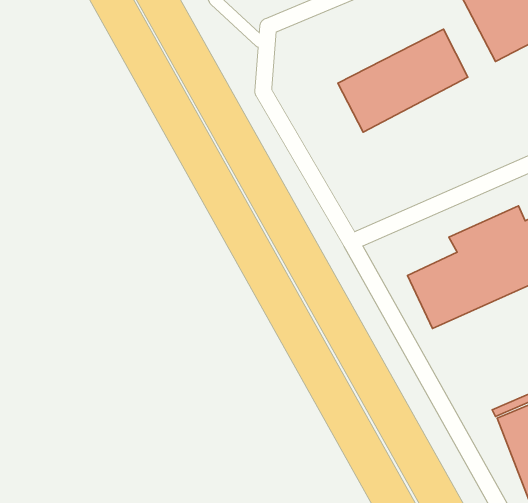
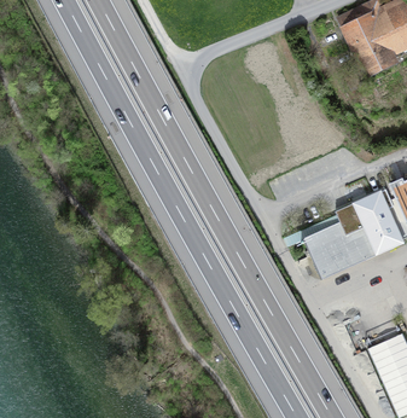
building: [338,29,468,132] -> none

